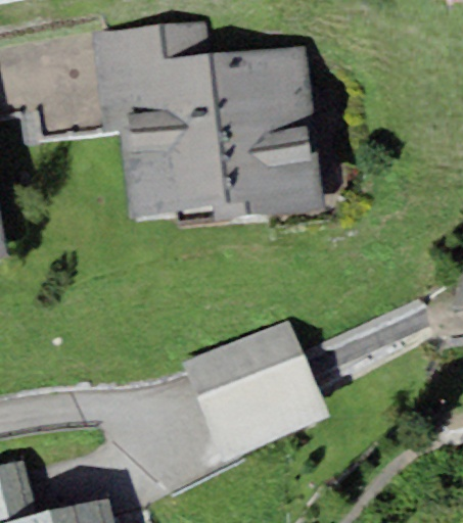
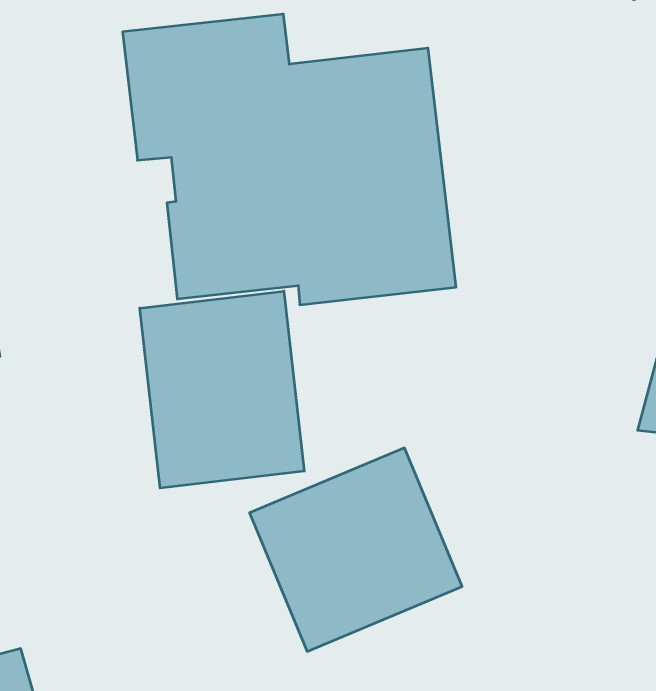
building: none -> [140,291,304,488]

